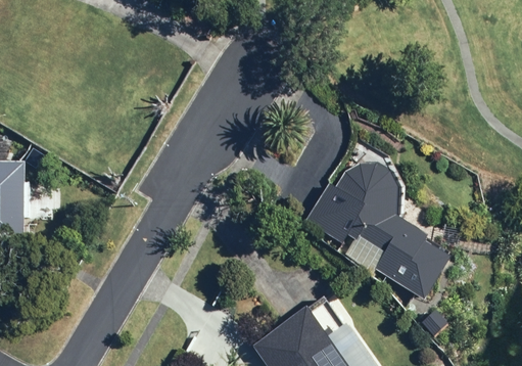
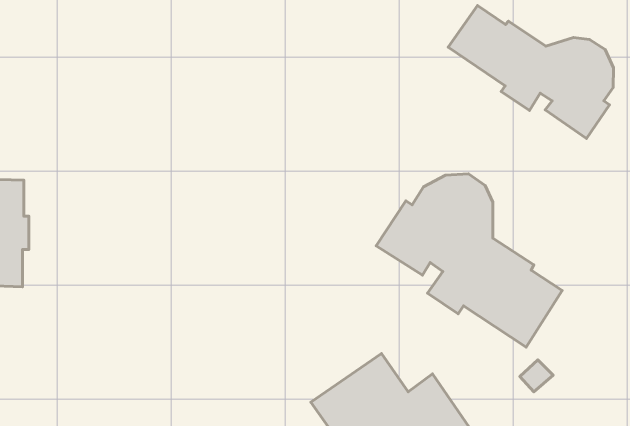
building: none -> [448,6,613,138]

